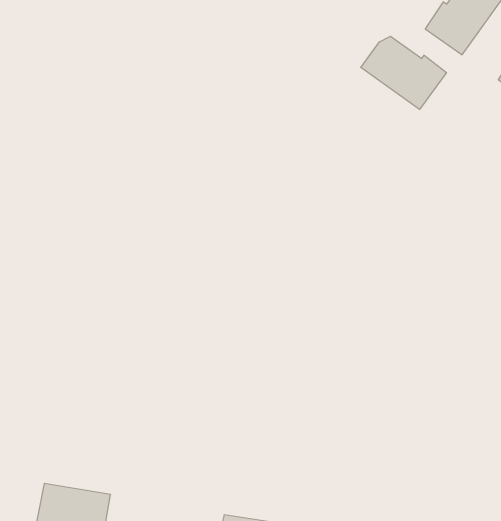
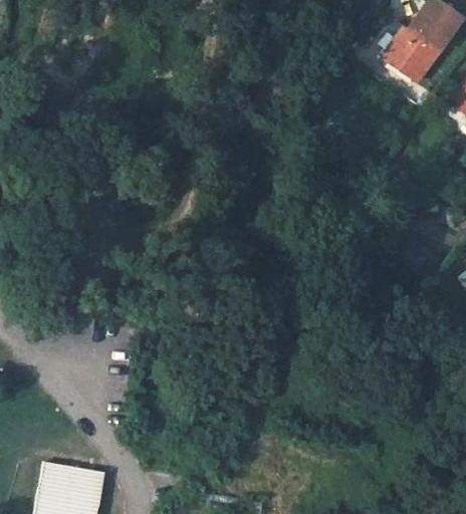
building: [361,36,446,109] -> none

